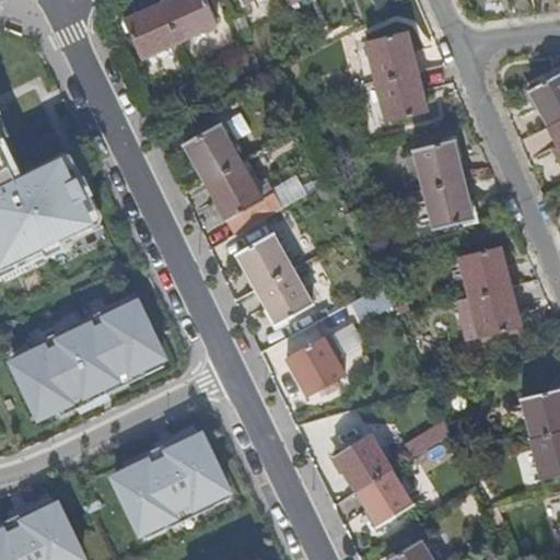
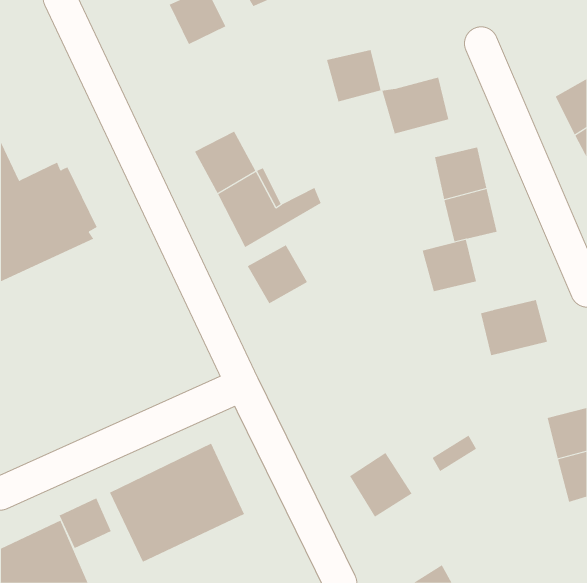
building: [124,4,179,60] -> none
building: [365,34,418,84] -> [326,49,381,102]
building: [458,245,511,295] -> [422,239,477,292]
building: [256,269,314,327] -> none
building: [11,305,160,418] -> none
building: [287,337,345,396] -> none
building: [357,470,415,527] -> none
building: none -> [59,498,111,549]

